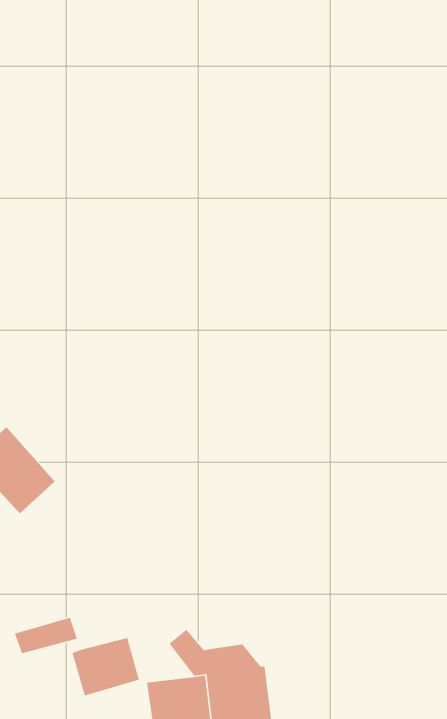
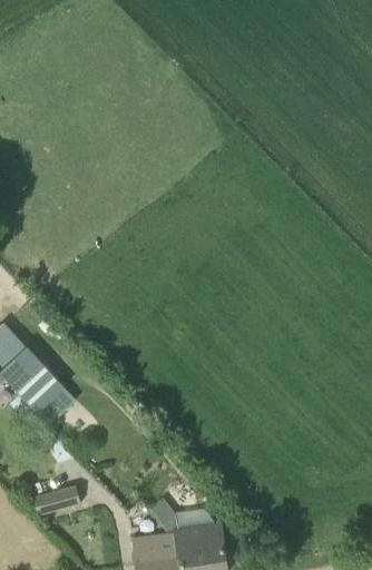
building: none -> [37,387,76,425]
building: [71,637,140,696] -> none

